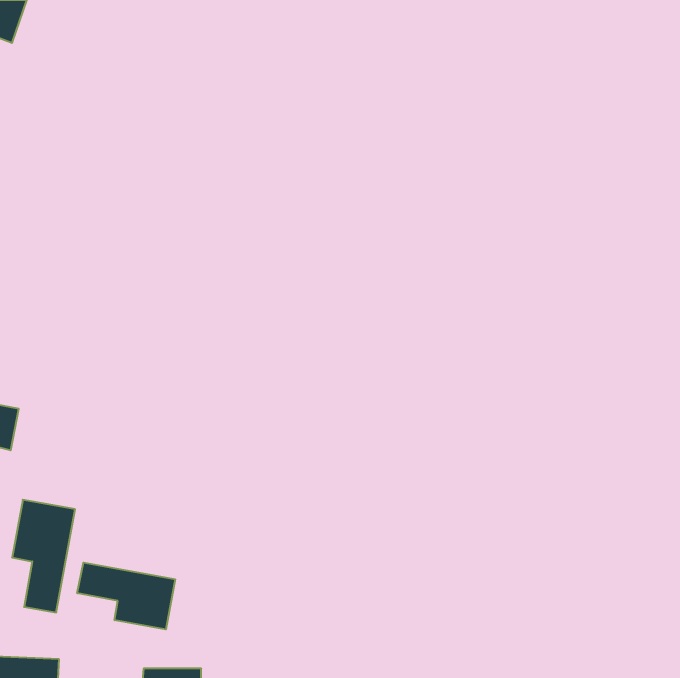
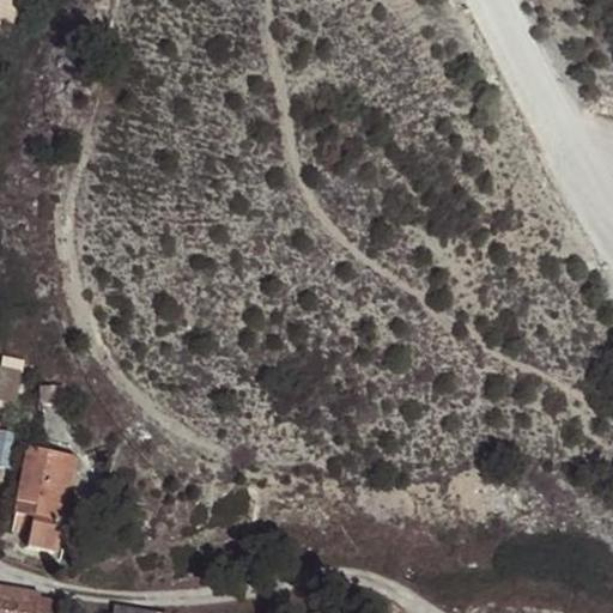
building: [77,563,175,629] -> none

